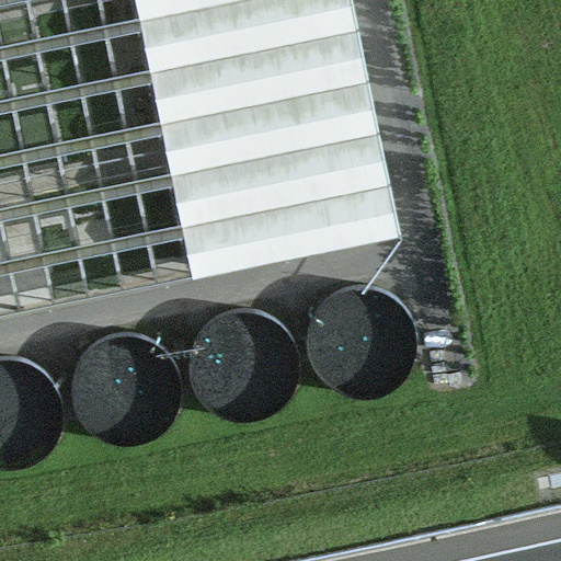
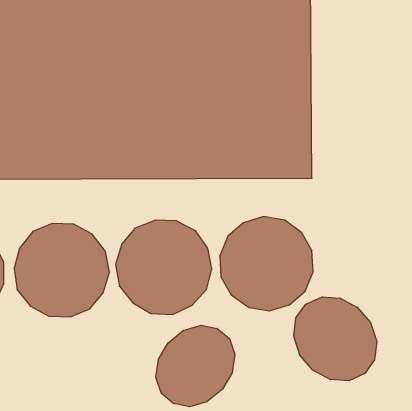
building: none -> [294,297,377,381]
building: none -> [156,325,235,407]

